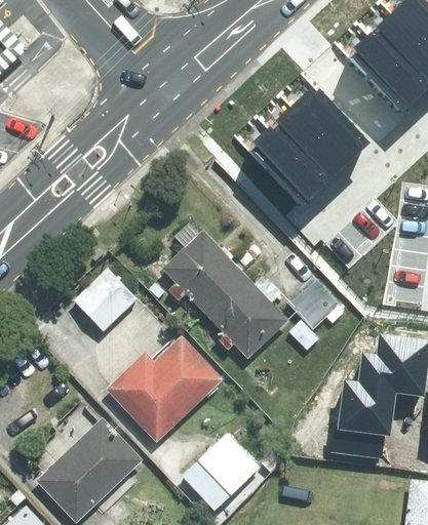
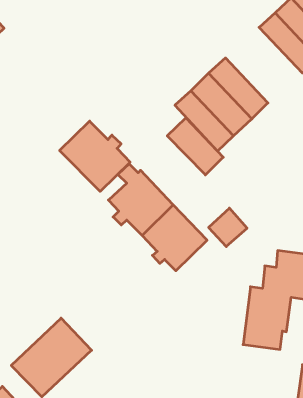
building: none -> [167,118,223,175]
building: none -> [60,121,130,191]
building: [75,269,135,329] -> none
building: [107,338,221,441] -> none
building: [183,434,259,509] -> none

